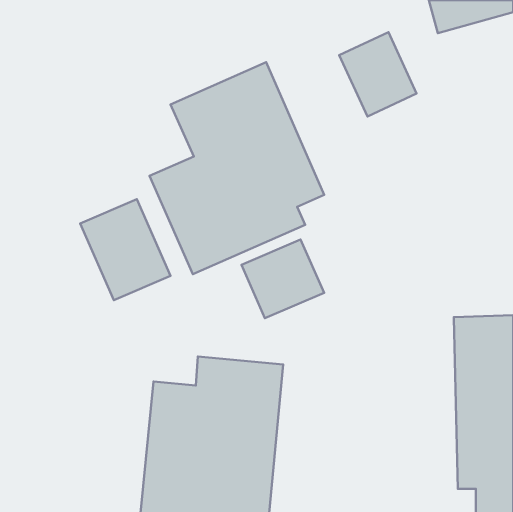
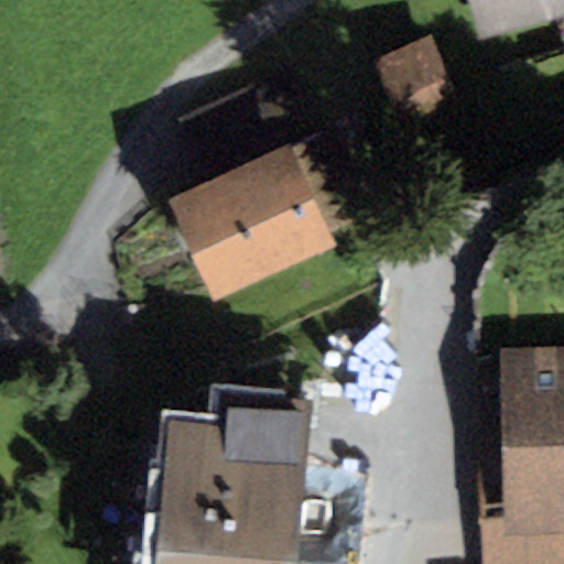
building: [80,199,171,300] -> none
building: [242,239,324,318] -> none

